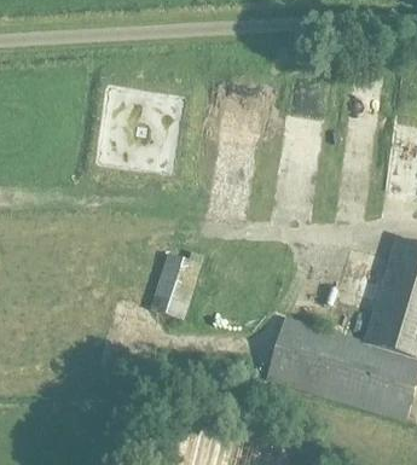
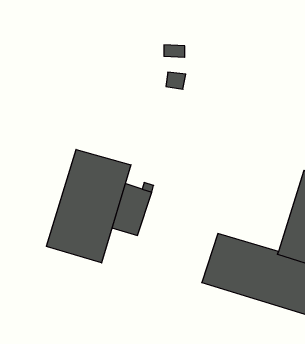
building: none -> [46,149,131,263]

